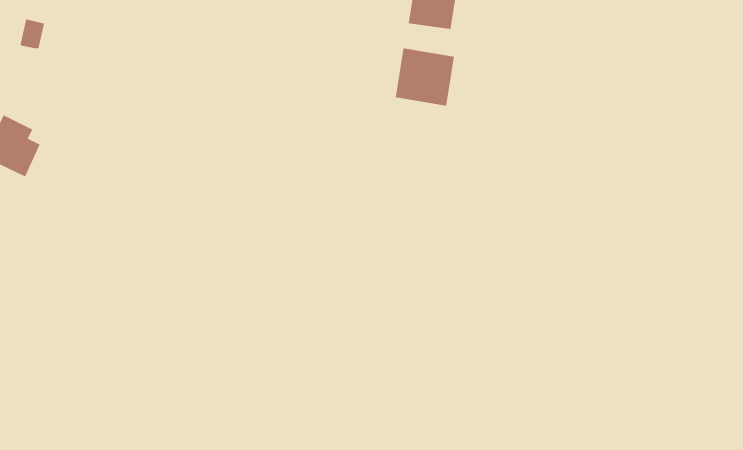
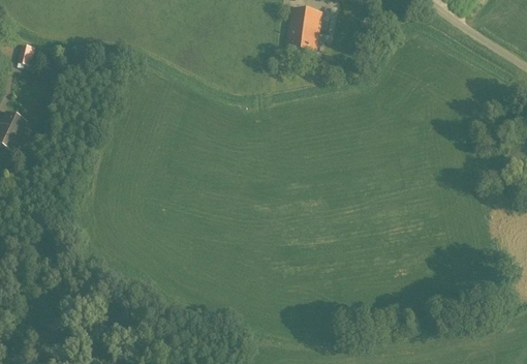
building: [395,47,454,107] -> none

